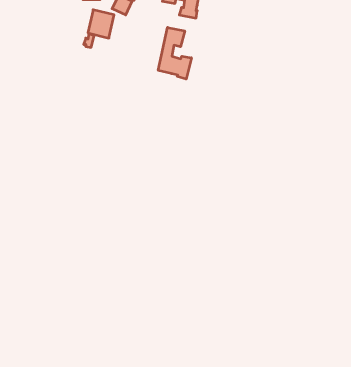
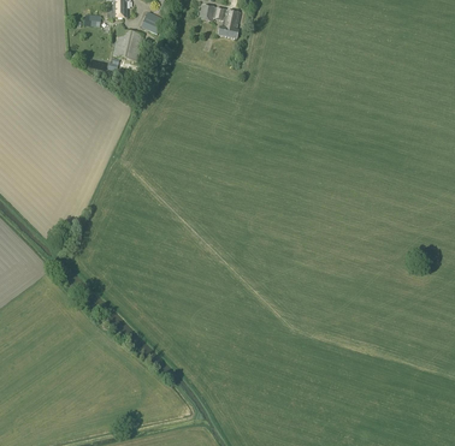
building: [158,27,191,79] -> none

